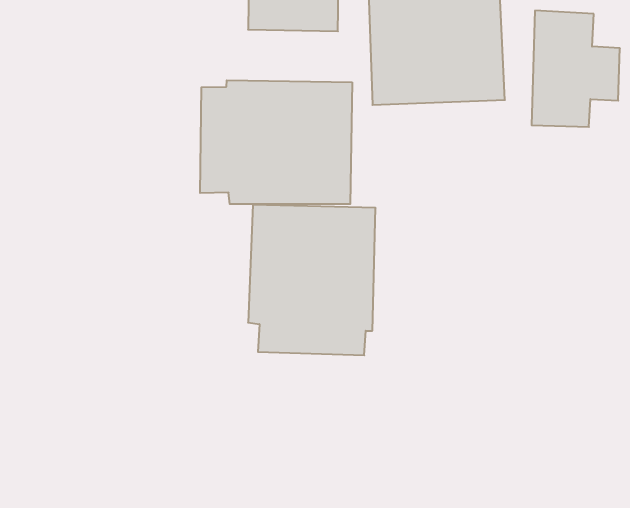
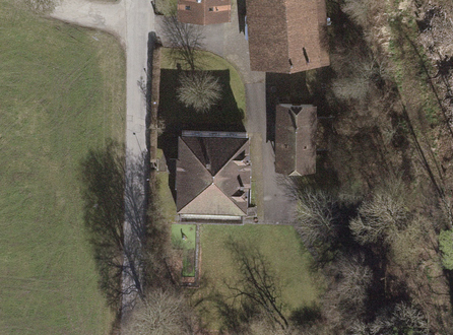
building: [532,11,620,127] -> [277,104,332,176]
building: [200,80,352,204] -> none

